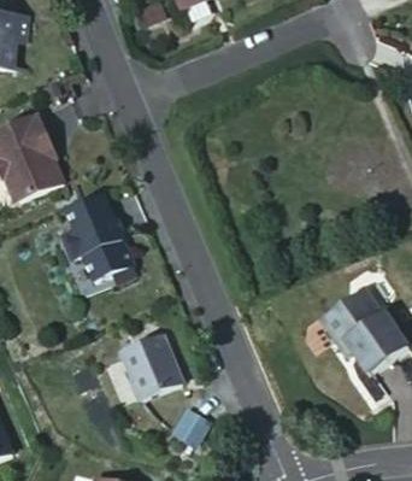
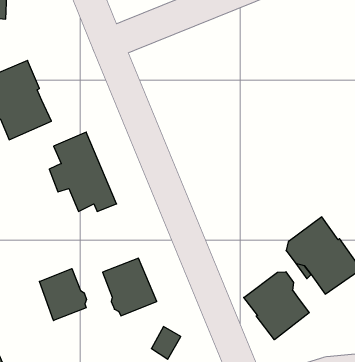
building: none -> [39,269,86,321]
building: none -> [244,272,309,340]

